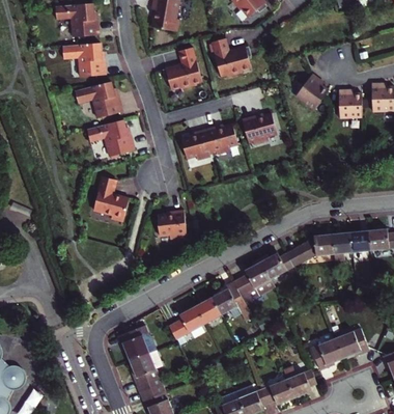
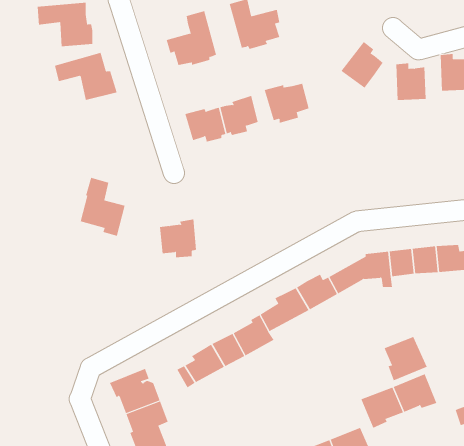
building: [87,118,135,156] -> none
building: none -> [384,336,428,381]

